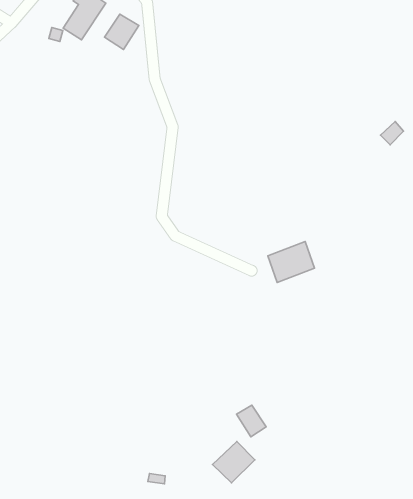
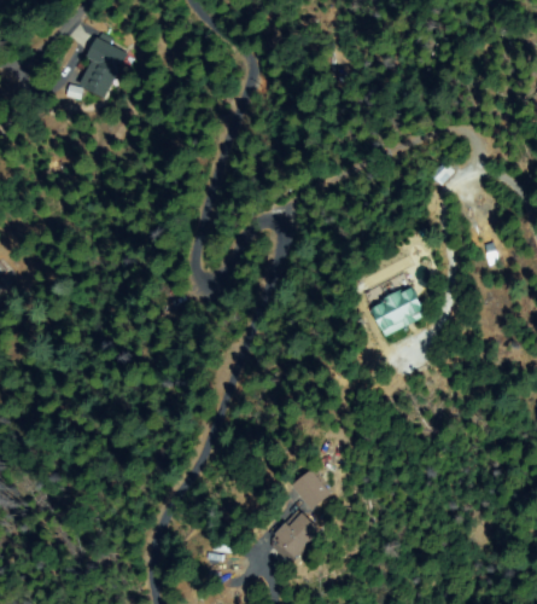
building: [105,14,139,50] -> none
building: [268,242,315,282] -> [372,288,422,333]

